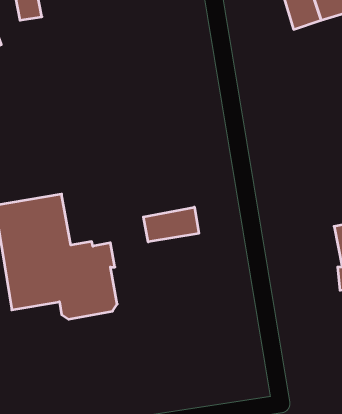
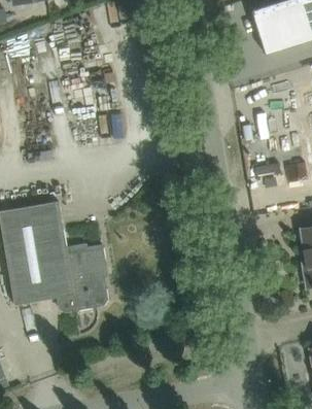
building: [143,207,199,242] -> none

